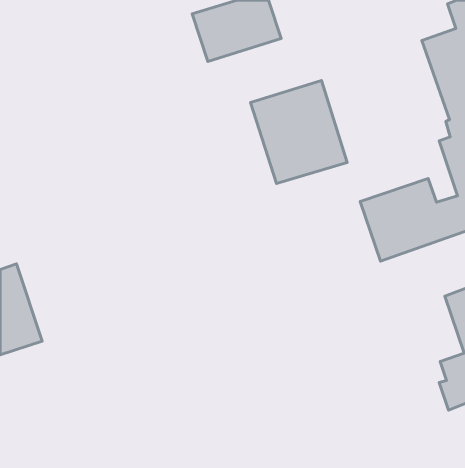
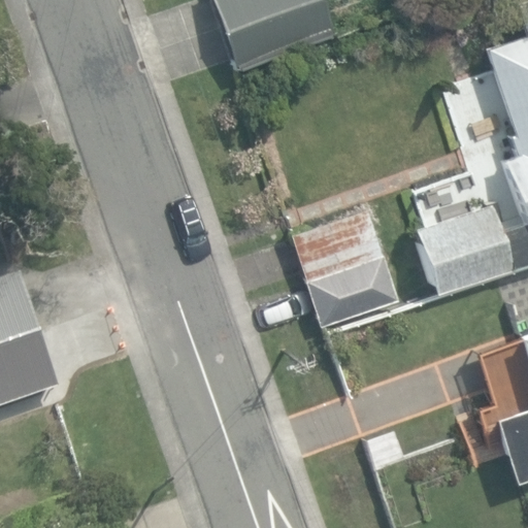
building: [251,81,347,184] -> [289,208,397,324]

